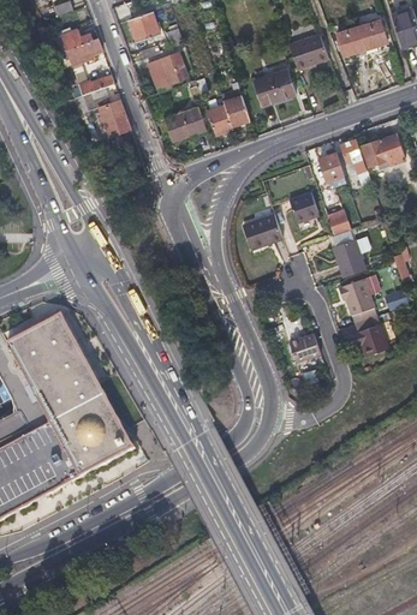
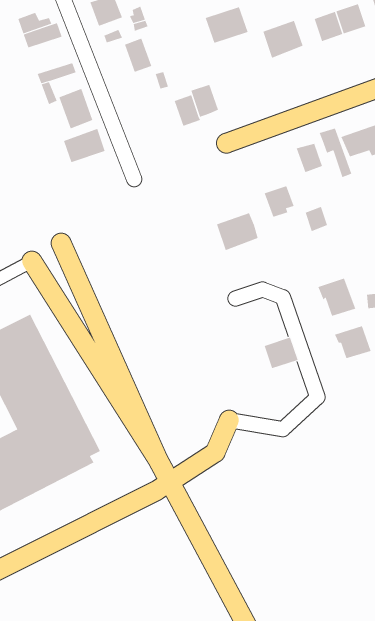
building: [251,72,292,107] -> [205,6,248,44]
building: [163,108,203,141] -> [63,128,105,163]
building: [334,238,367,276] -> none

